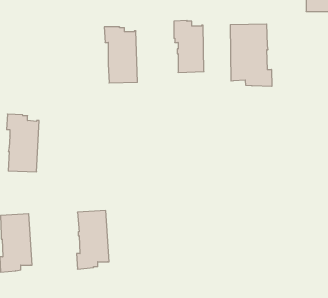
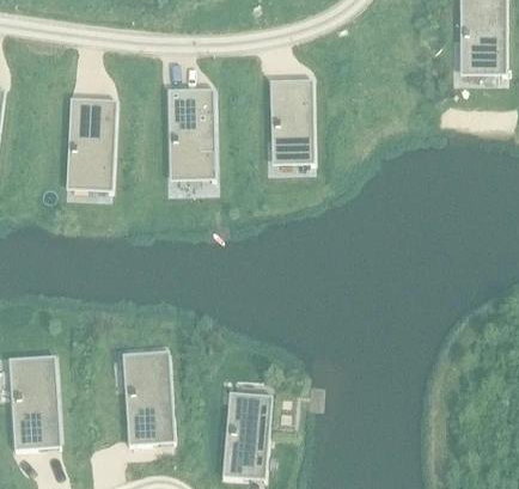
building: [230,24,272,86] -> none
building: [7,114,39,172] -> [67,97,115,182]
building: none -> [220,401,269,477]

